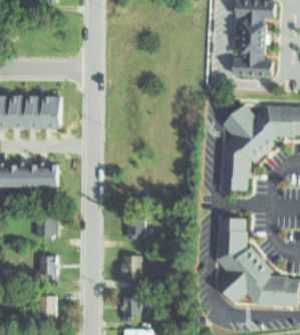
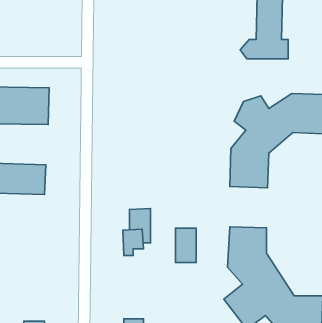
building: [43,219,61,240] -> none
building: [123,253,141,283] -> [175,228,196,263]
building: [40,254,58,275] -> none

